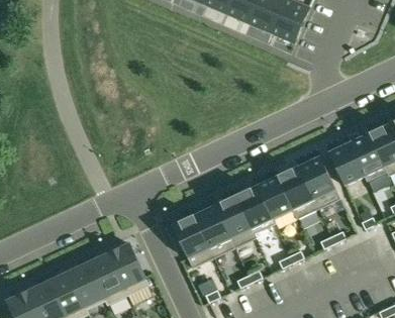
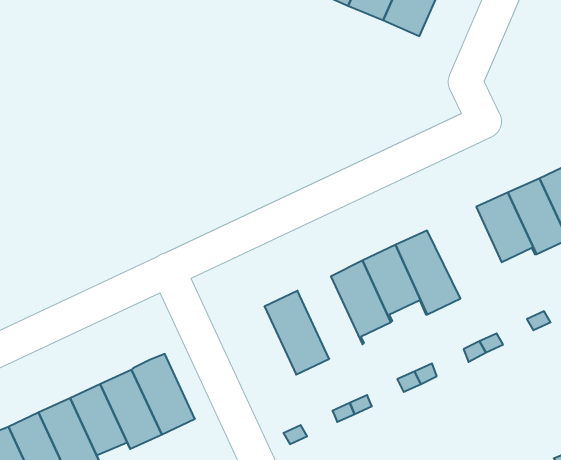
building: [297,154,339,209] -> none
building: [214,195,256,247] -> none
building: [172,214,213,268] -> none

